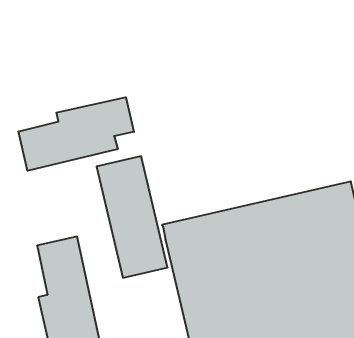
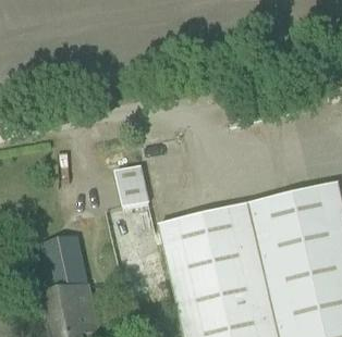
building: [18,97,134,171] -> none

